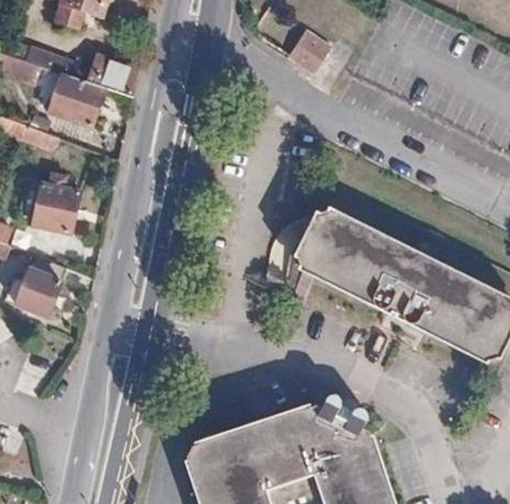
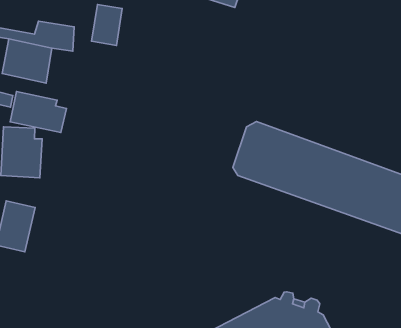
building: none -> [91,4,122,45]
building: none -> [10,91,66,133]

